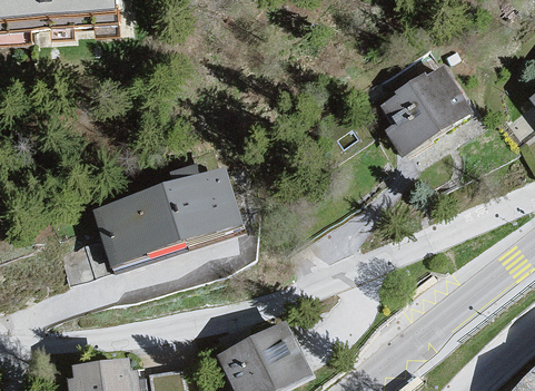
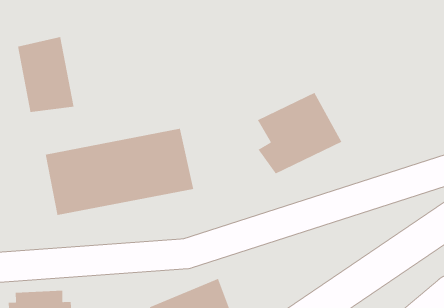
building: [384,65,475,155] -> [257,92,342,175]
building: none -> [17,36,74,113]

